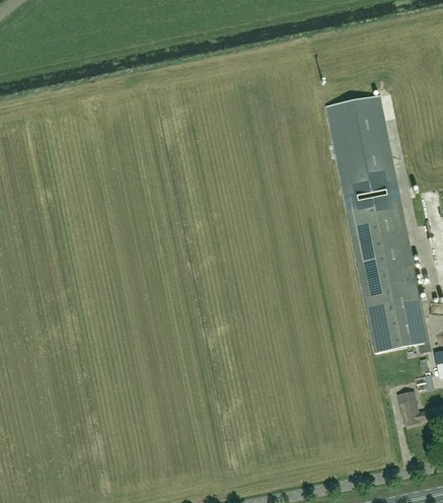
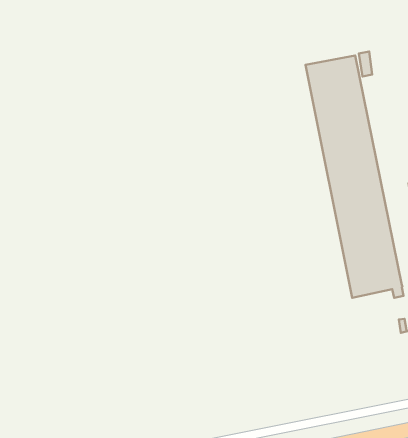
building: [397,391,427,425] -> none

